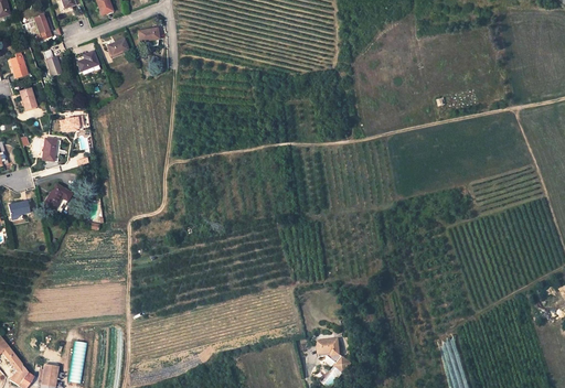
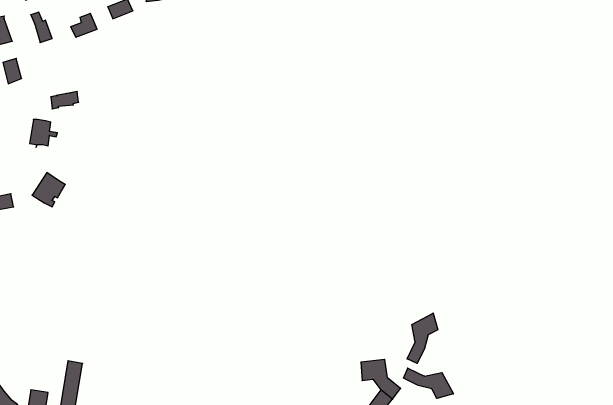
building: none -> [407,313,438,363]
building: none -> [403,368,453,398]

